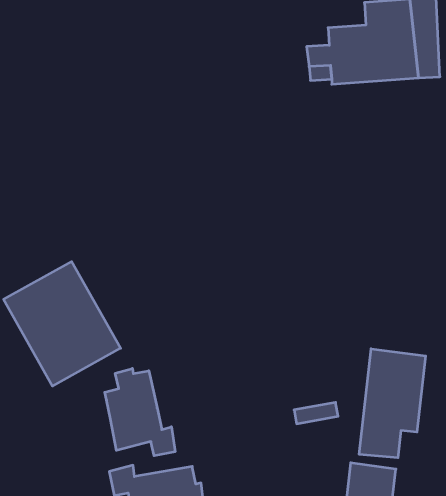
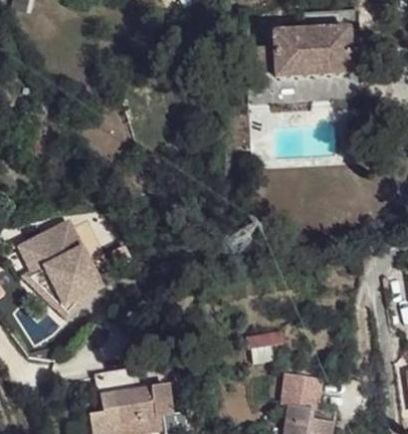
building: [359,349,426,458] -> none
building: [105,368,175,456] -> none

